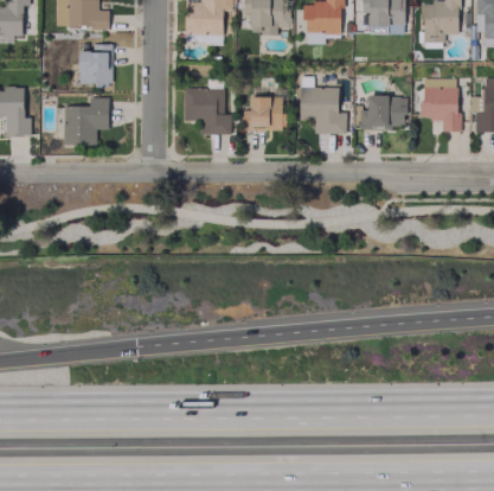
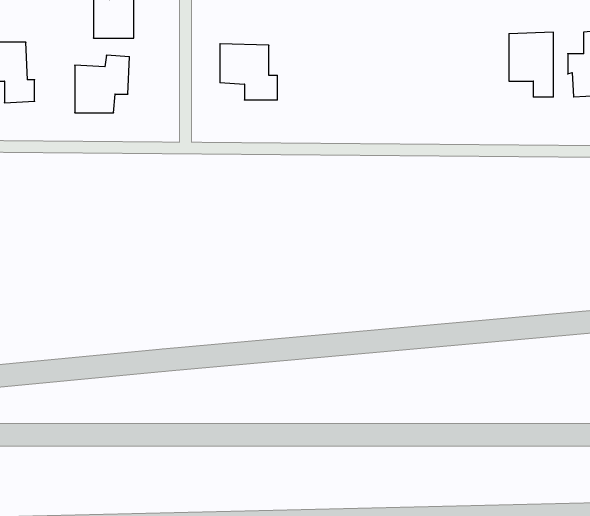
building: [299,87,346,134] -> none
building: [243,96,282,130] -> none
building: [360,96,406,128] -> none

